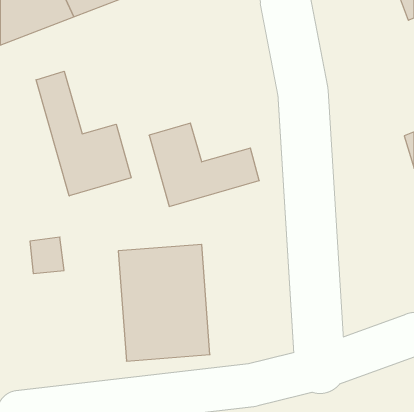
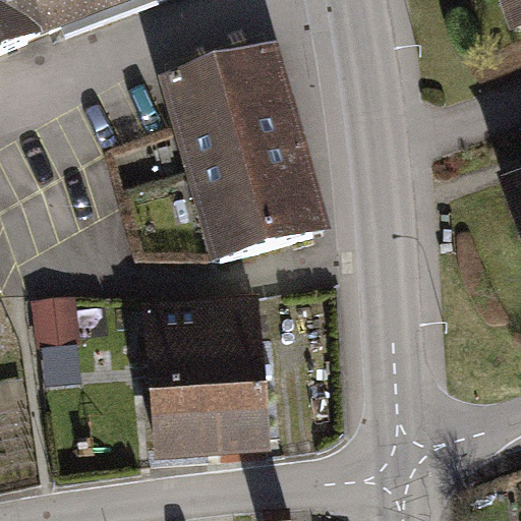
building: none -> [161,46,314,204]
building: [36,71,131,196] -> none

